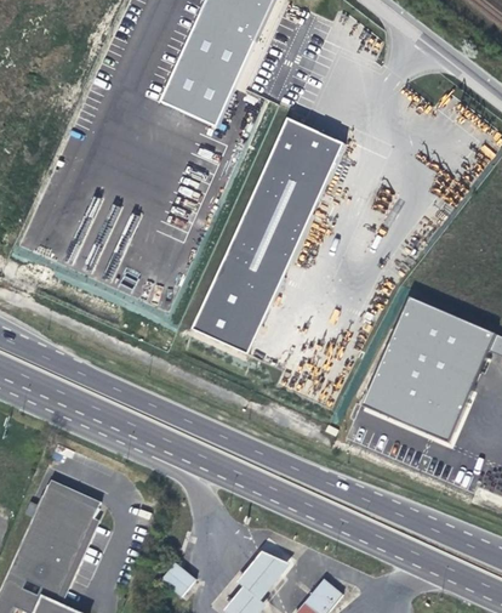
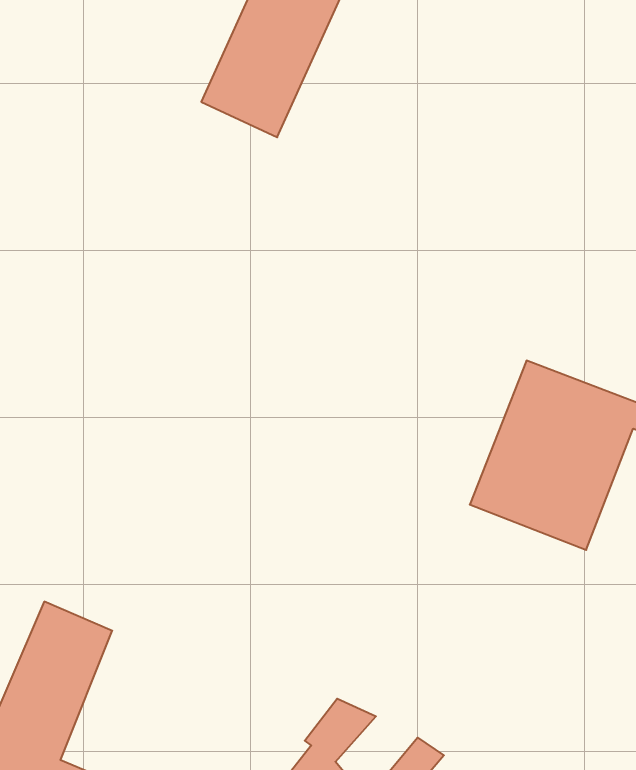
building: [193,120,343,354] -> none
building: [161,563,195,596] -> none

